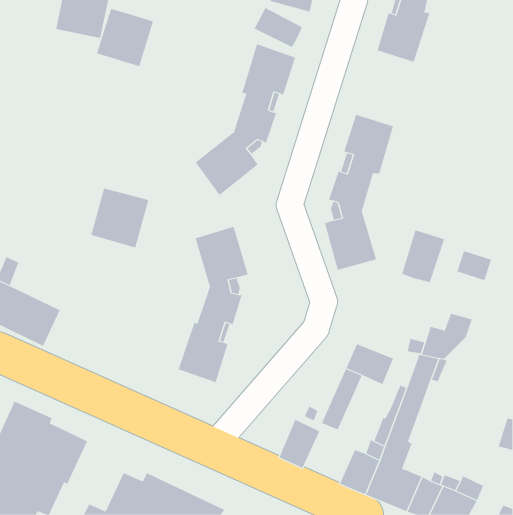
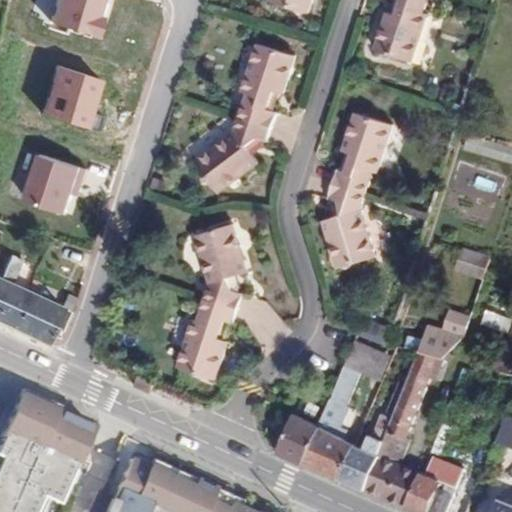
building: [254,7,302,48] -> none
building: [96,8,154,67] -> [39,67,96,125]
building: [90,188,149,248] -> [34,153,92,213]
building: [402,229,445,283] -> none
building: none -> [300,427,351,479]

